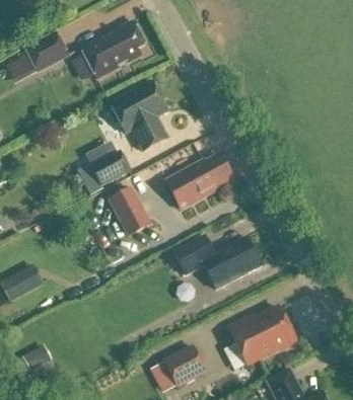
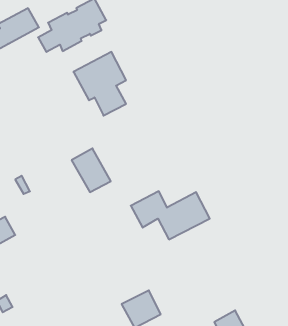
building: [91,149,131,183] -> none
building: [167,155,230,208] -> none
building: [229,307,295,364] -> none

